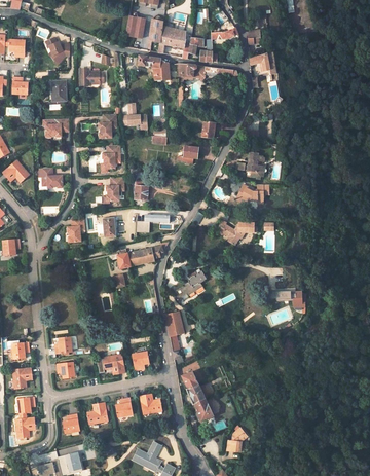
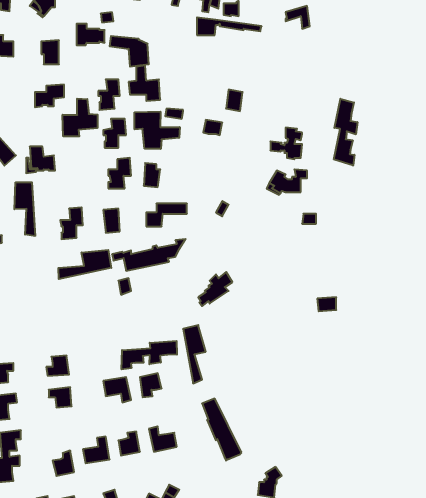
building: [138,56,170,80] -> [110,36,149,67]
building: none -> [63,99,98,136]
building: none -> [334,99,357,166]
building: none -> [135,112,180,149]
building: none -> [14,182,35,236]
building: [214,220,256,245] -> none
building: none -> [58,250,111,279]
building: none -> [122,341,177,369]

